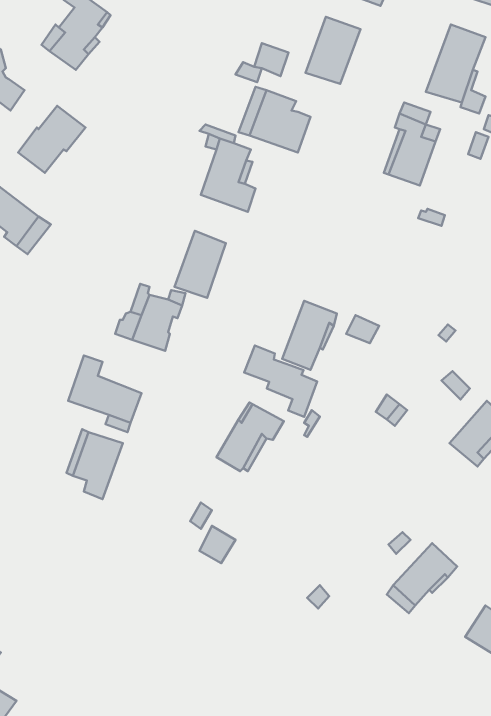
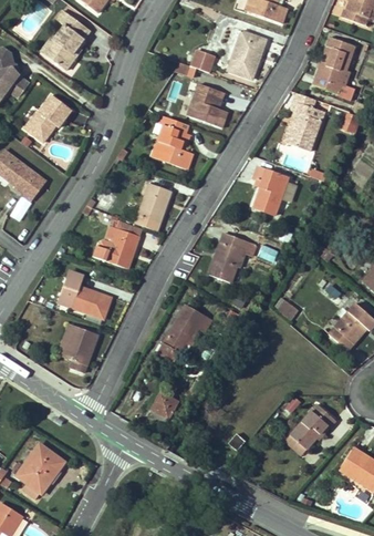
building: none -> [253,166,288,215]
building: [244,346,317,417] -> none
building: none -> [17,444,64,498]

